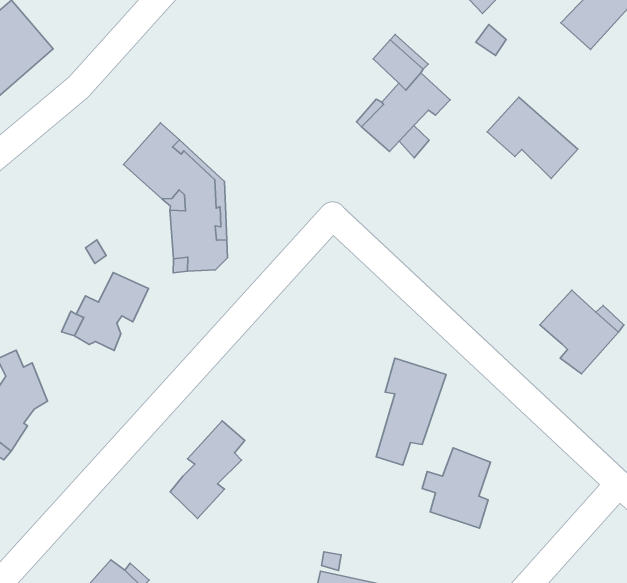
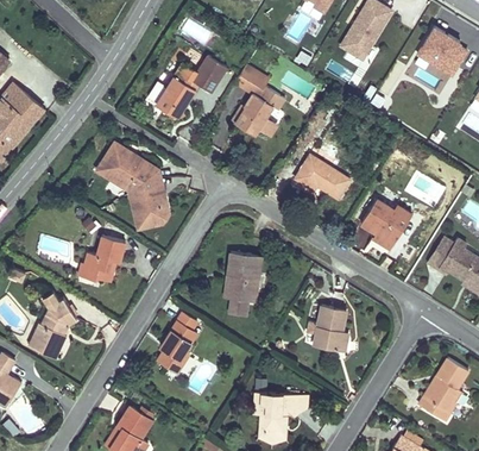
building: none -> [157,56,227,118]
building: [487,97,578,178] -> [295,155,351,200]
building: [376,358,446,465] -> [228,252,263,315]

